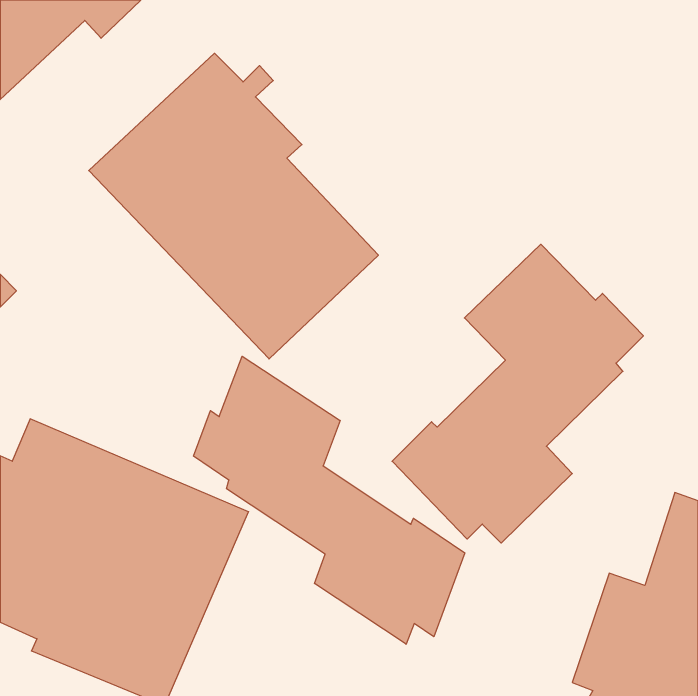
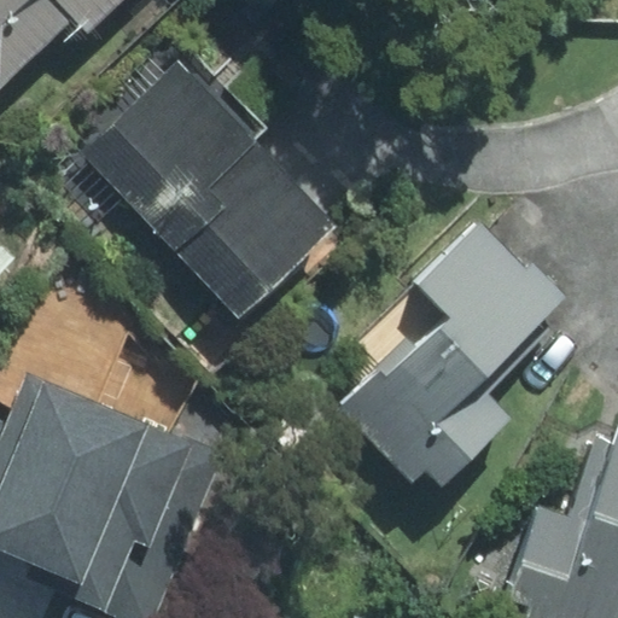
building: [193,356,465,644] -> none

